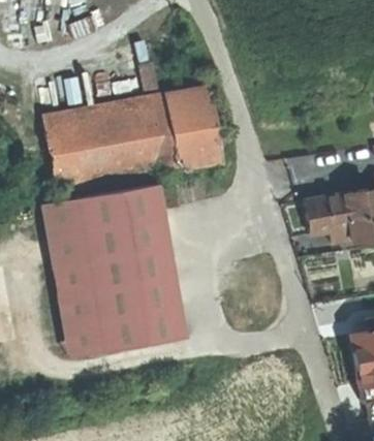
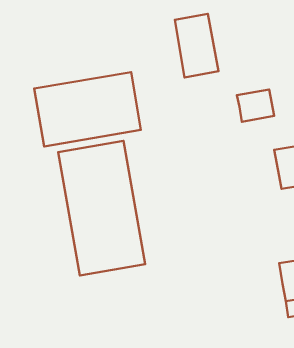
building: [167,88,222,167] -> [175,14,219,78]
building: [306,192,352,232] -> [237,89,274,122]
building: [43,195,103,354] -> none

